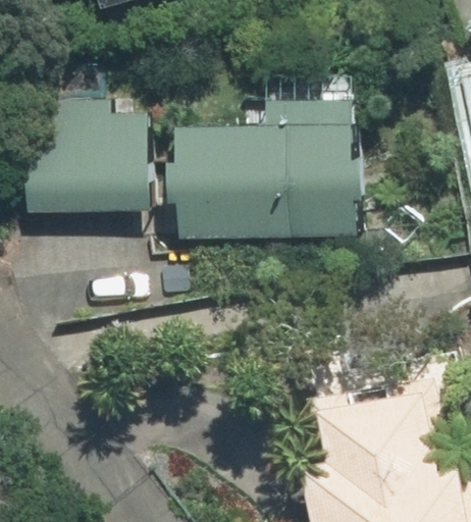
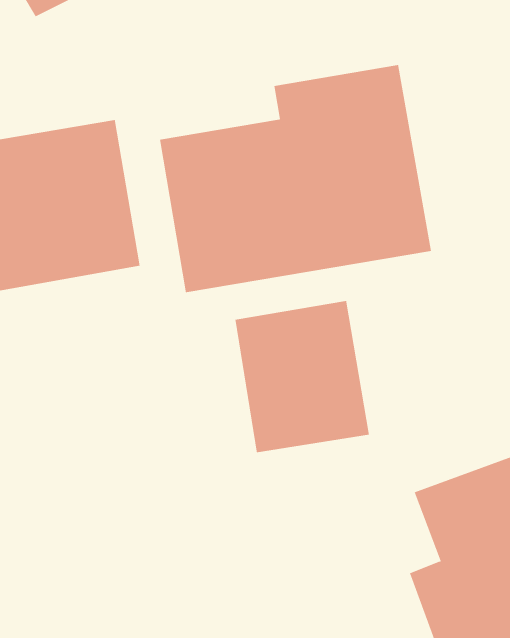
building: none -> [235,300,369,453]

